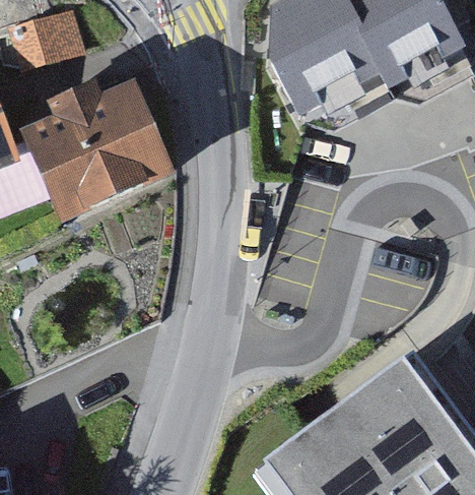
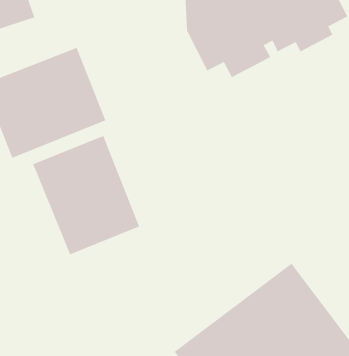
building: none -> [33,135,140,255]

